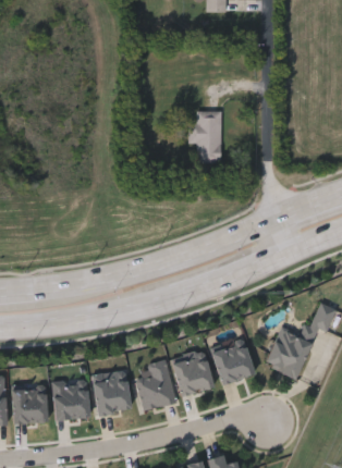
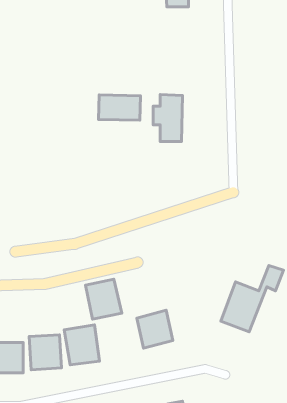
building: none -> [98,95,141,120]
building: [211,342,253,383] -> none
building: [135,364,175,408] -> [86,279,122,319]

